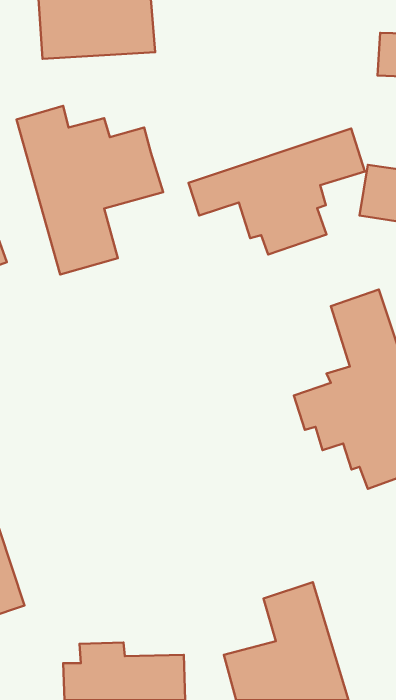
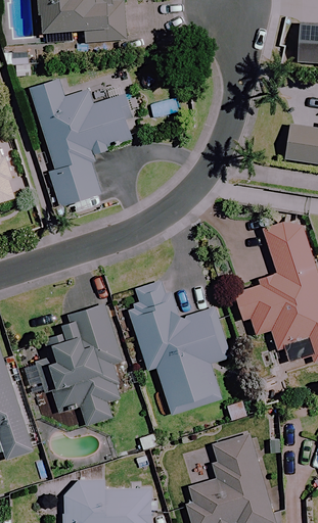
building: [188,128,365,255] -> none
building: none -> [125,283,233,416]
building: none -> [21,303,127,426]

